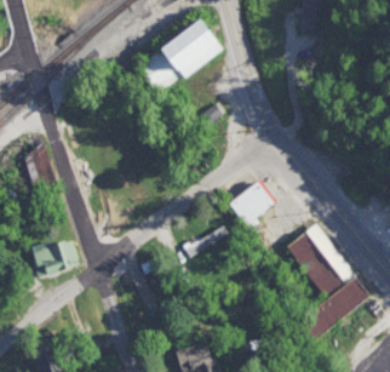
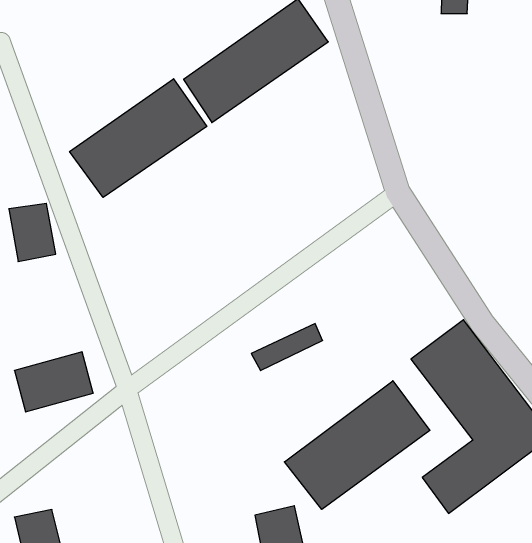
building: none -> [70,79,207,197]
building: [224,181,274,228] -> none
building: none -> [284,381,430,509]

